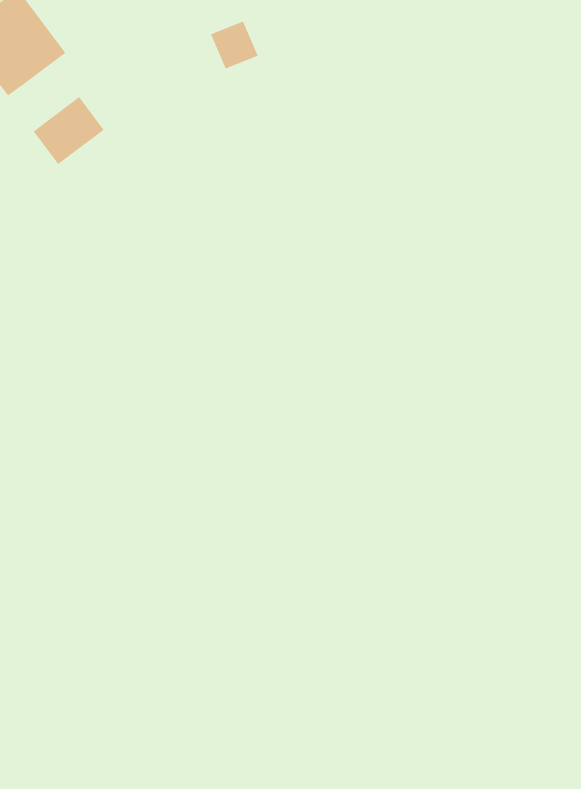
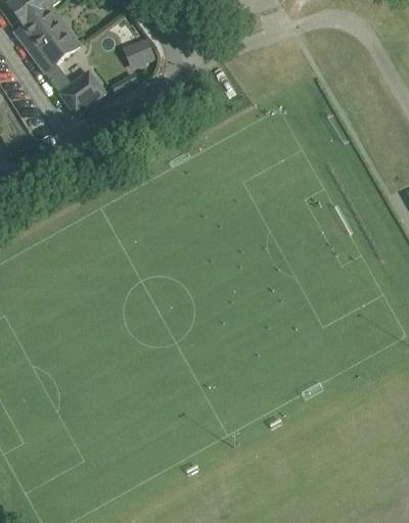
building: [210,21,258,69] -> [122,38,151,67]

